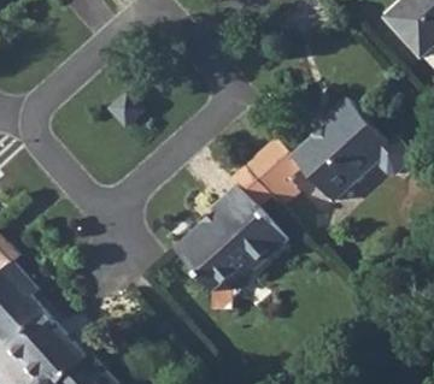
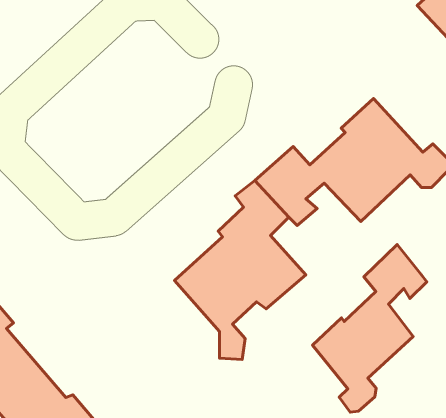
building: none -> [312,244,427,412]

